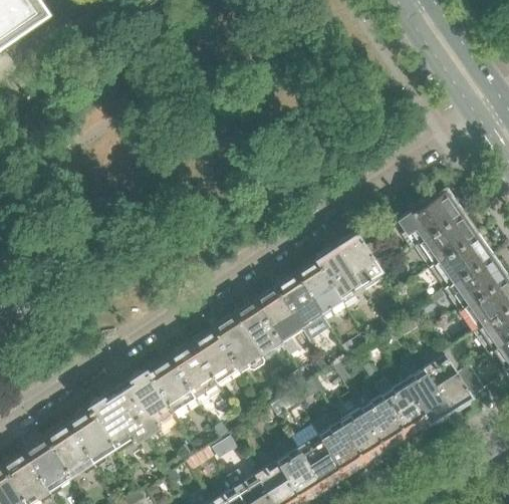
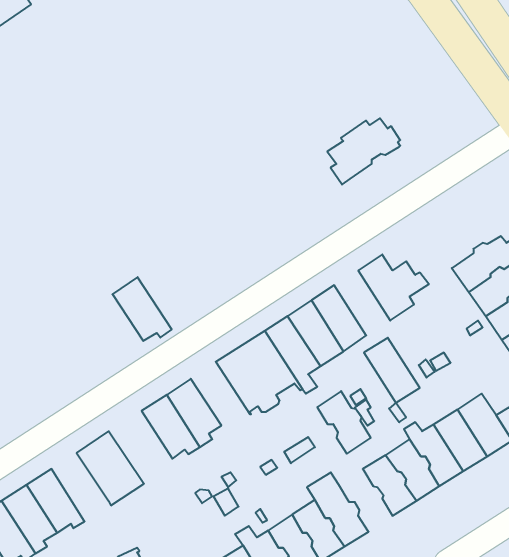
building: [399,192,463,250] -> [327,118,400,185]
building: [315,247,364,304] -> [364,338,420,403]
building: [189,327,241,384] -> [112,277,172,341]
building: [116,370,175,435] -> none
building: [66,408,116,468] -> none
building: [319,422,366,477] -> [317,391,371,454]

